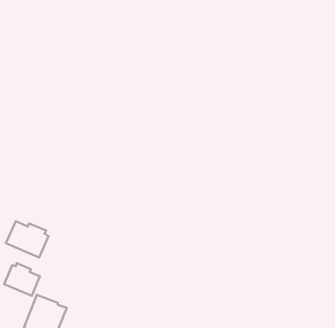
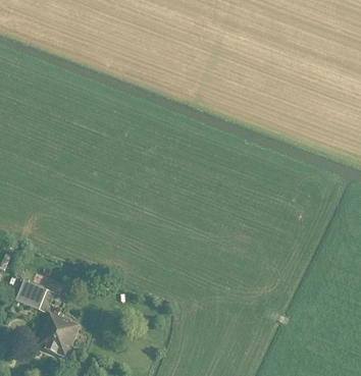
building: [6,221,49,257] -> none

